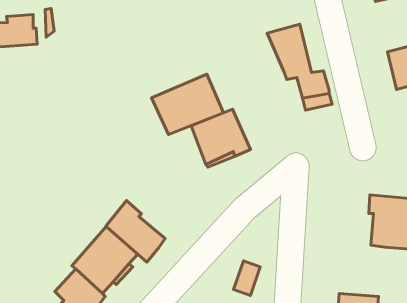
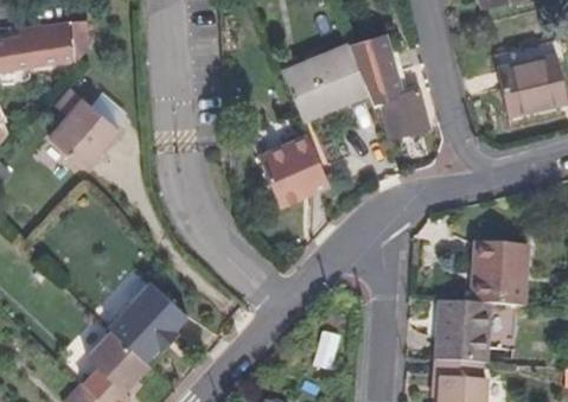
building: none -> [51,87,120,166]
building: [152,74,224,134] -> [281,46,368,119]
building: [106,201,165,262] -> none
building: none -> [434,300,489,363]

